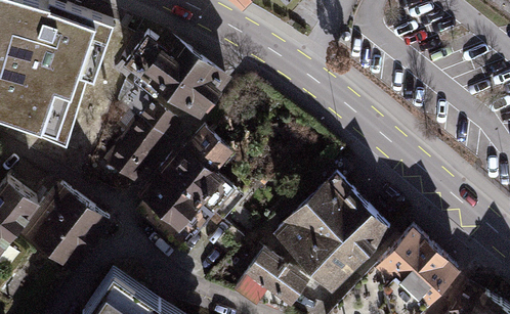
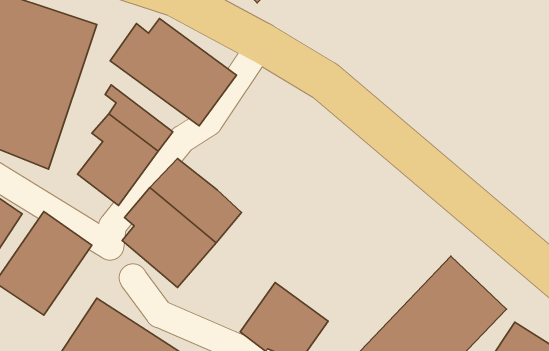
building: [178,122,230,169] -> none
building: [269,171,393,294] -> none

